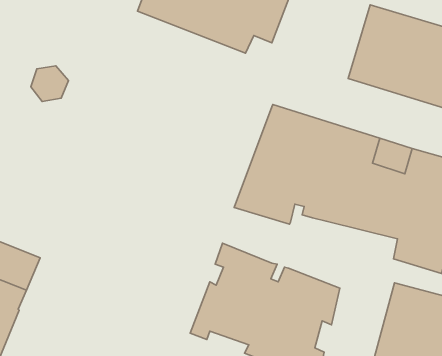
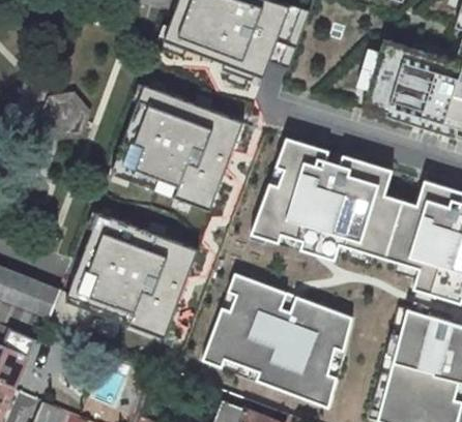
building: none -> [116,89,244,209]
building: none -> [69,214,200,335]

